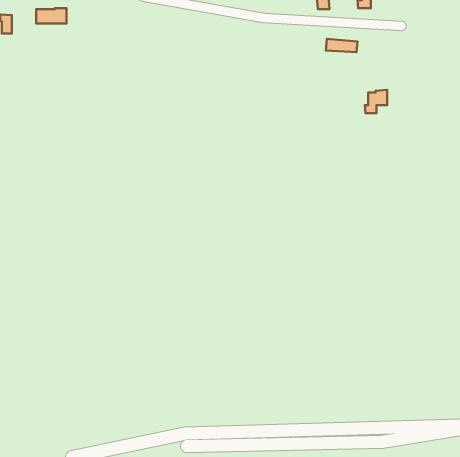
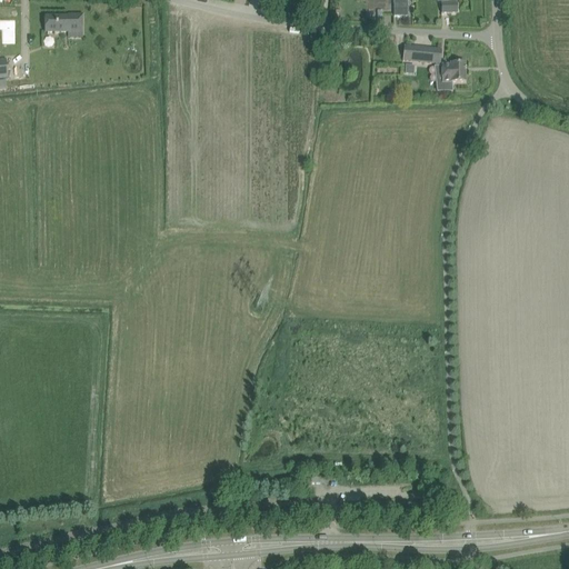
building: [365,90,387,113] -> [437,59,465,88]

